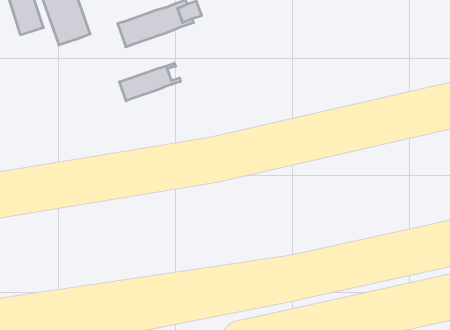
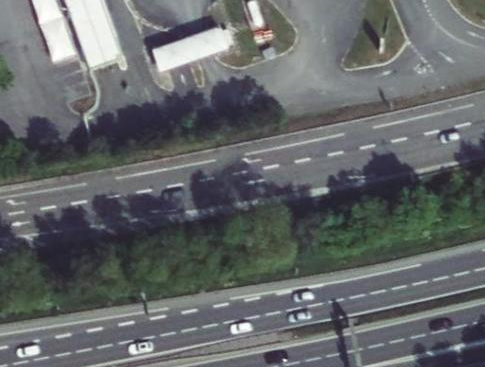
building: [119,63,180,101] -> none

